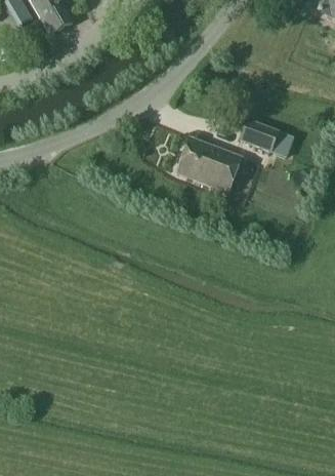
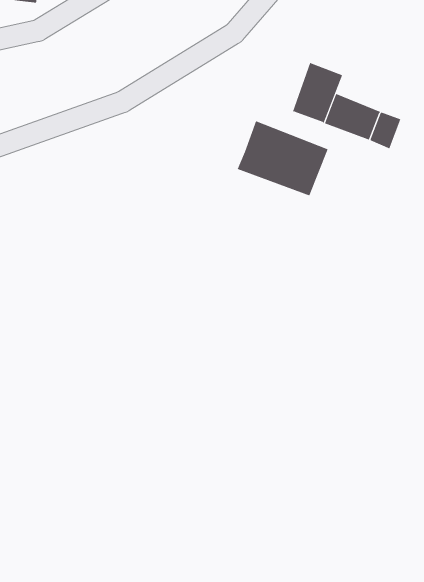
building: none -> [292,62,343,124]

